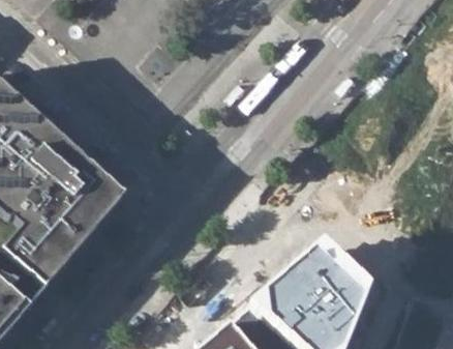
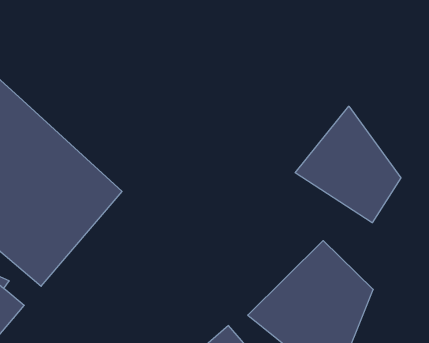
building: none -> [295,106,401,223]

